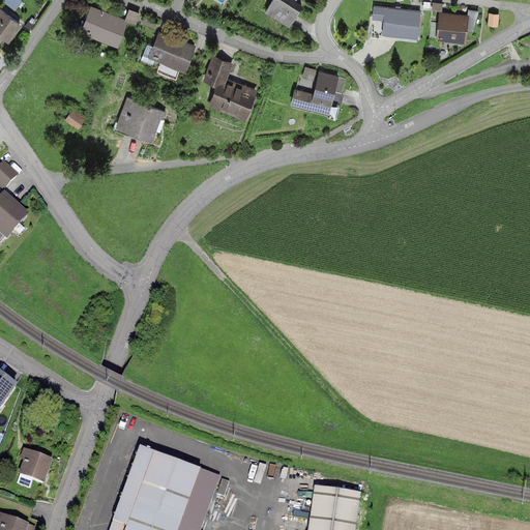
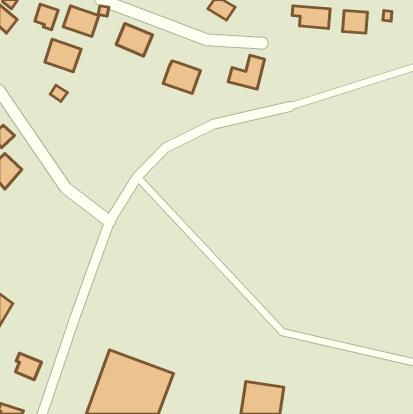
building: none -> [35,4,58,30]
building: [202,55,234,84] -> none
building: [118,98,165,140] -> [45,39,81,72]

